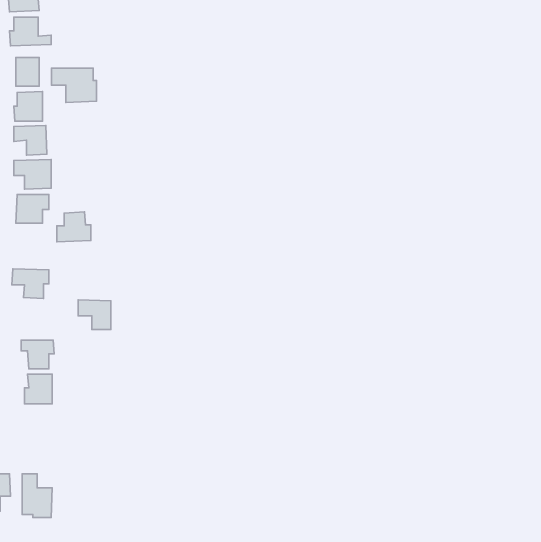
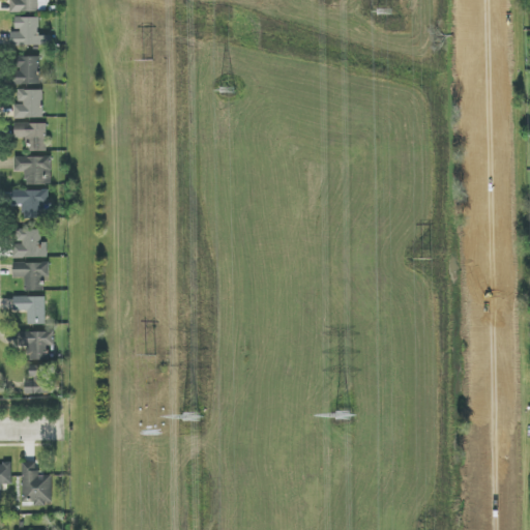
building: [52,68,97,102] -> none
building: [57,212,91,242] -> [12,229,46,258]
building: [78,300,111,330] -> [12,295,45,324]

